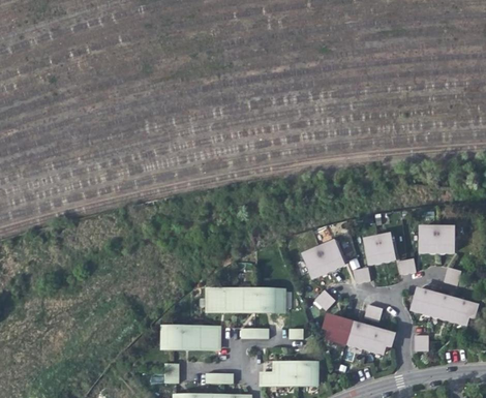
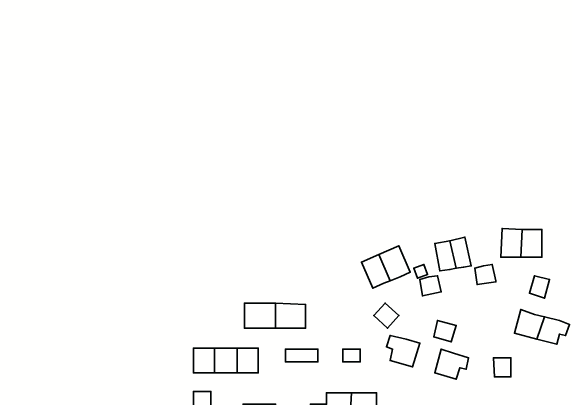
building: [412,289,436,314] -> none
building: [257,290,283,311] -> none
building: [346,323,370,347] -> none

